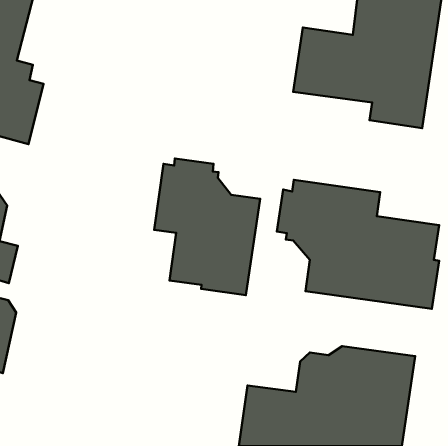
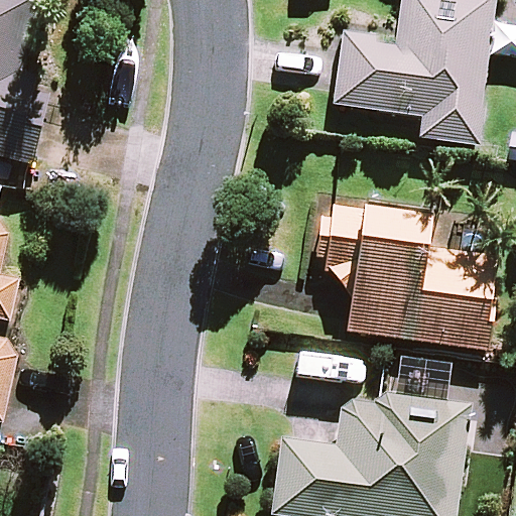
building: [154,158,260,295] -> none

